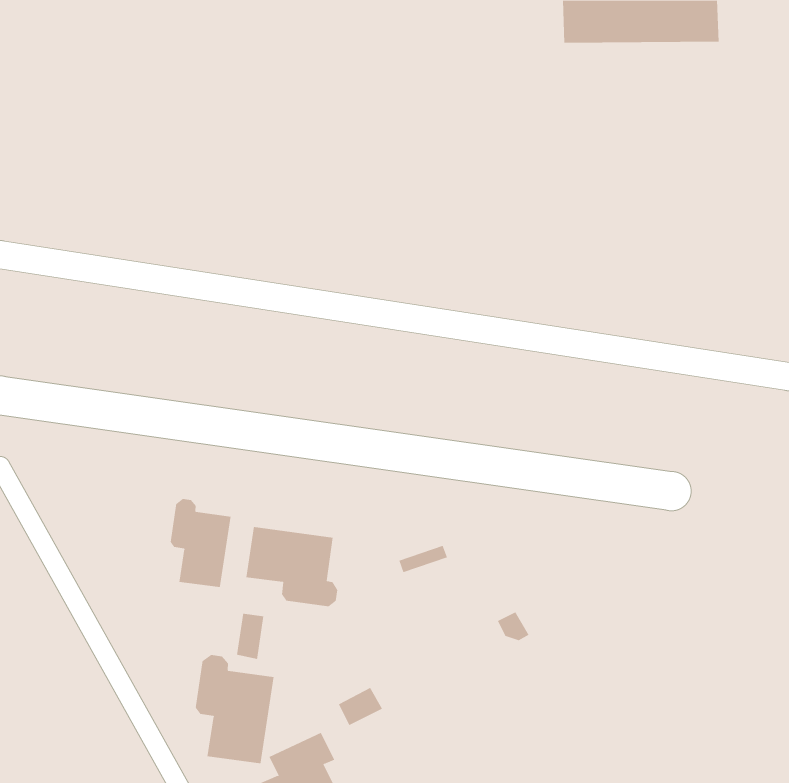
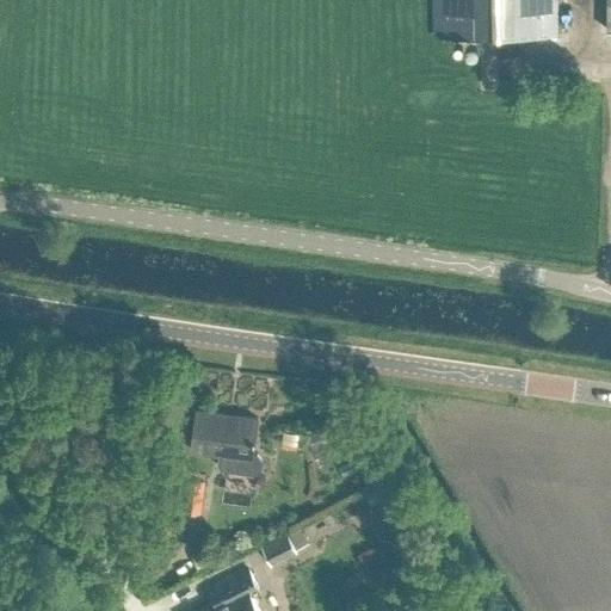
building: [170,498,231,588] -> none
building: [195,654,274,764] -> none

